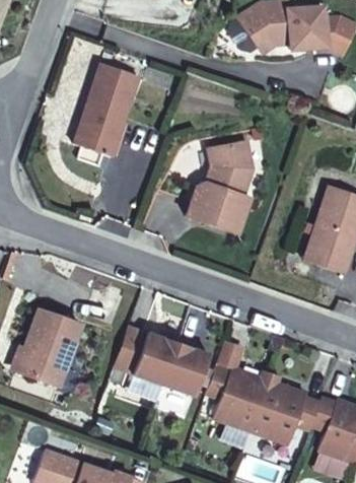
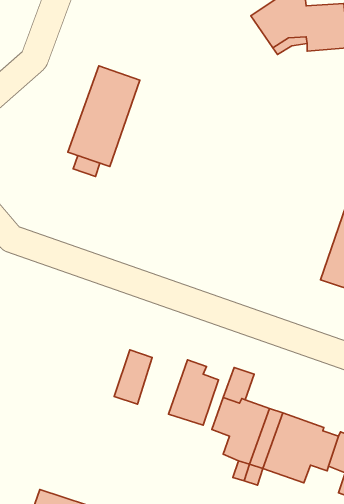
building: [189,146,250,233] -> none
building: [20,303,85,381] -> none
building: [136,330,182,383] -> none

